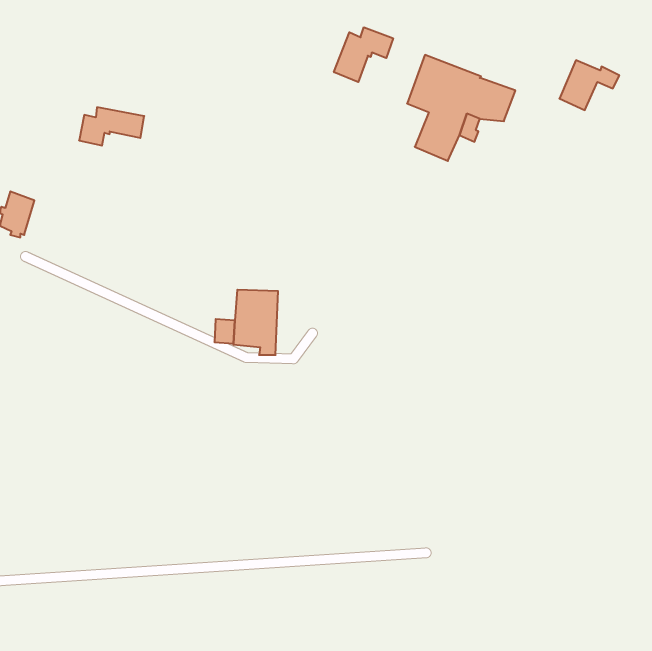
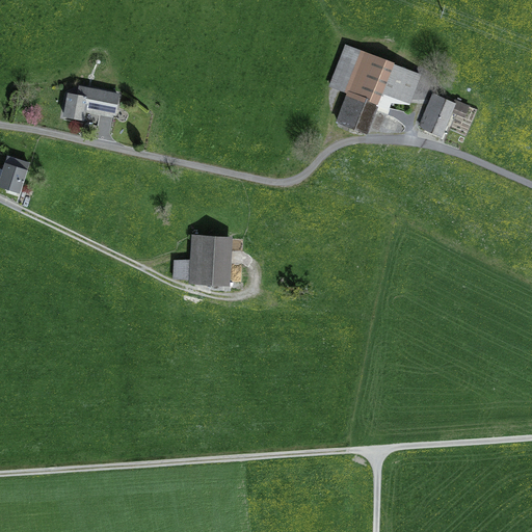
building: [334,27,393,82] -> none
building: [559,60,619,110] -> [420,94,469,134]

